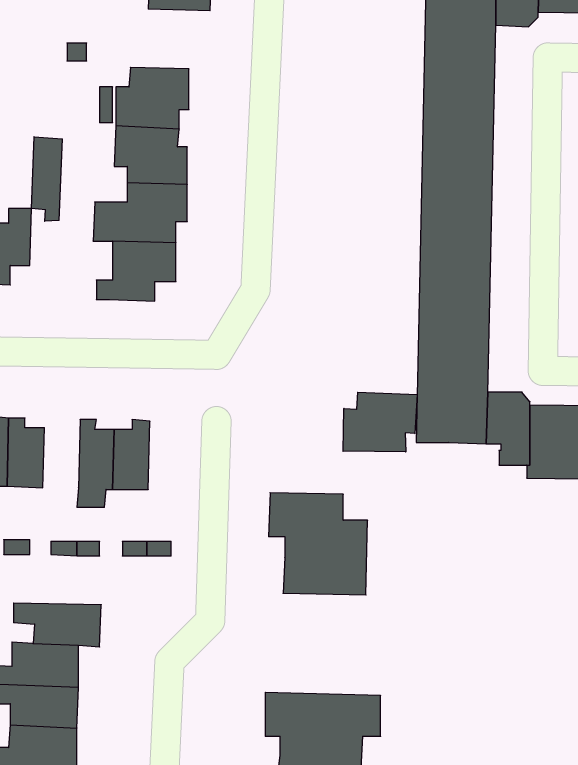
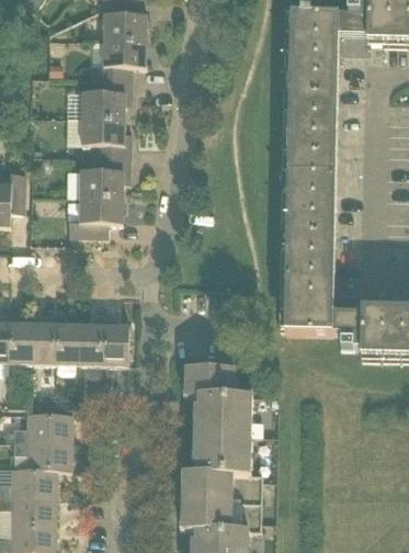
building: none -> [91,40,145,80]
building: [31,137,62,221] -> none
building: [343,392,417,452] -> none
building: none -> [32,316,57,363]
building: none -> [103,318,128,365]
building: none -> [12,413,71,442]
building: none -> [182,435,261,504]

